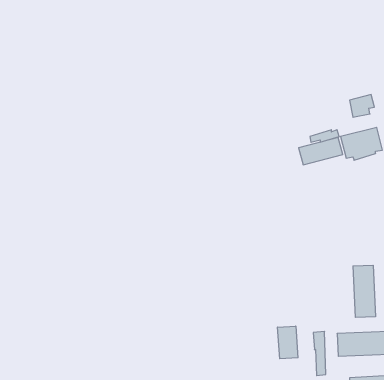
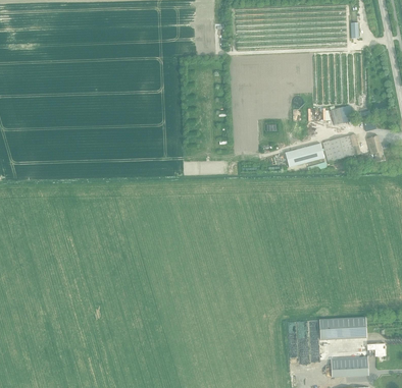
building: [353,265,375,317] -> none
building: [278,326,298,359] -> none

